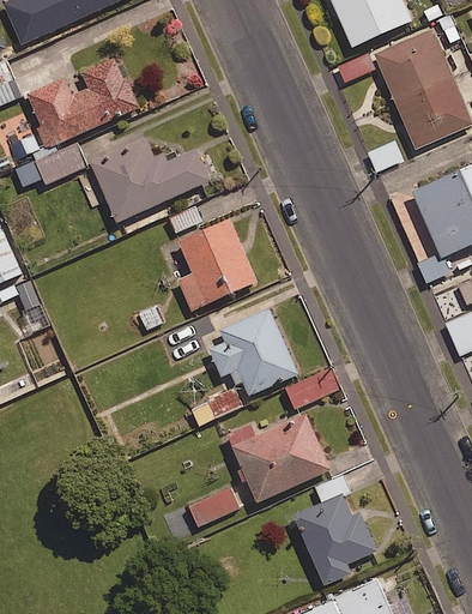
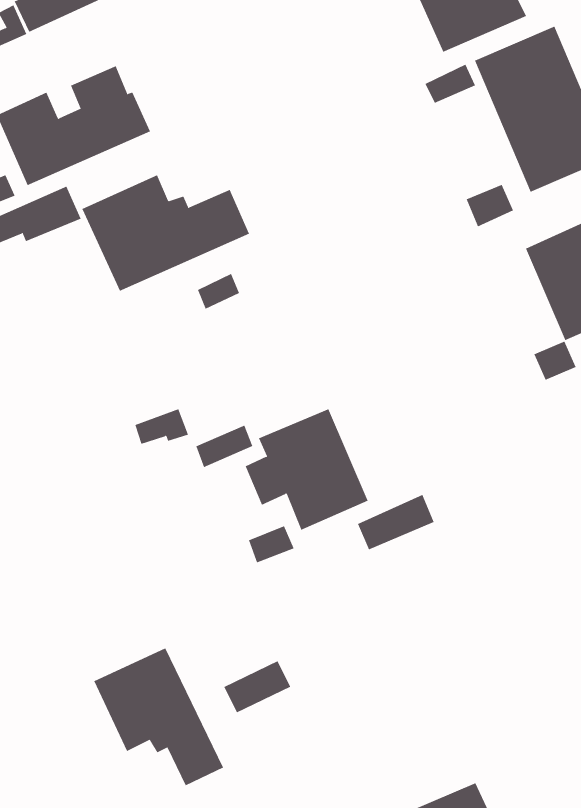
building: [176,218,258,312] -> none
building: [231,411,331,502] -> none
building: none -> [94,647,224,786]
building: [292,493,376,584] -> none

